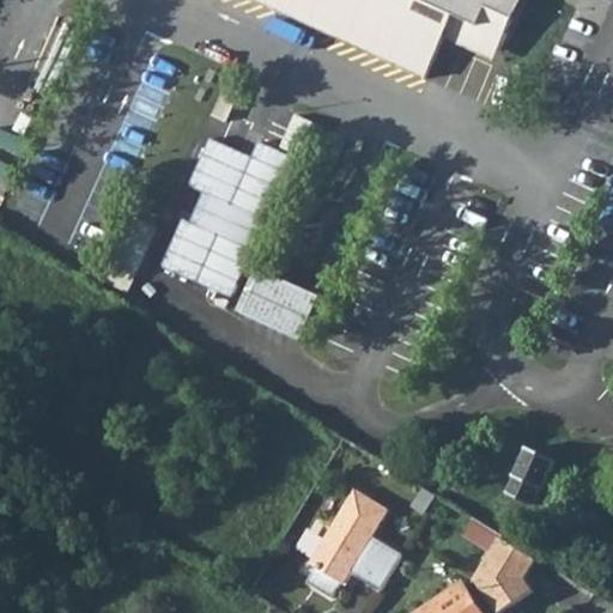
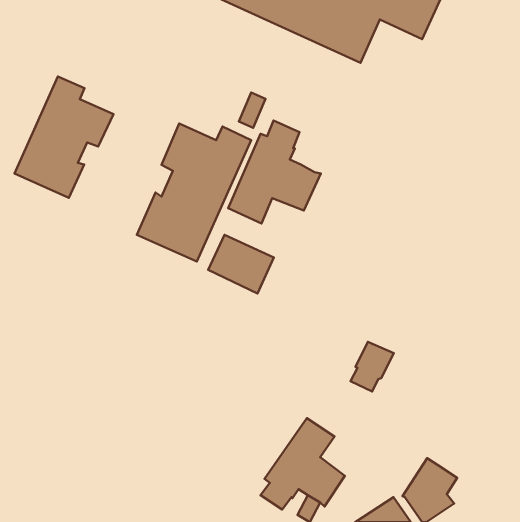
building: none -> [14,77,113,198]
building: none -> [228,120,321,224]
building: [499,443,550,500] -> [350,342,394,391]

